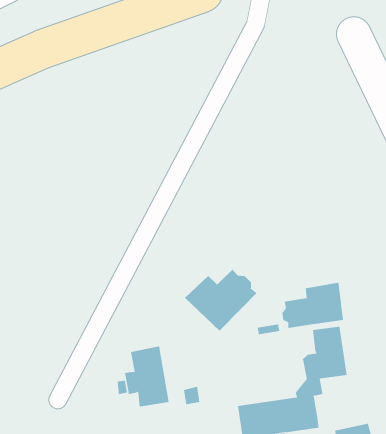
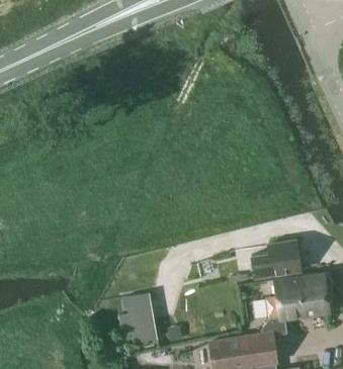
building: [184,269,258,331] -> none
building: none -> [297,273,330,316]

